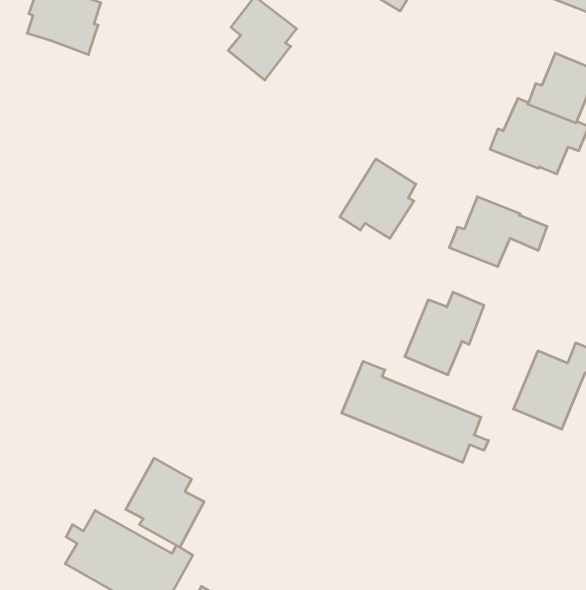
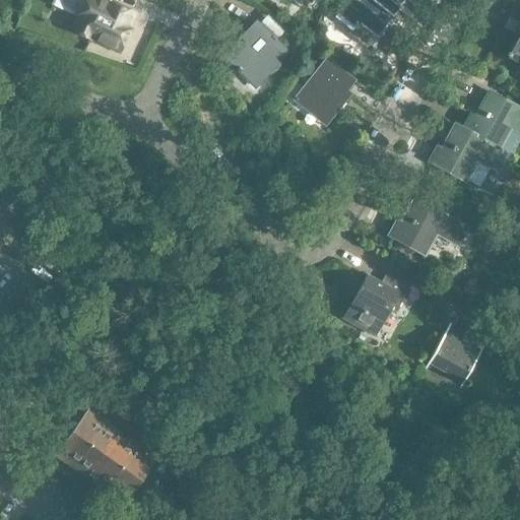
building: [340,159,416,238] -> [292,56,355,120]
building: [342,361,489,462] -> none
building: [126,458,204,547] -> none

